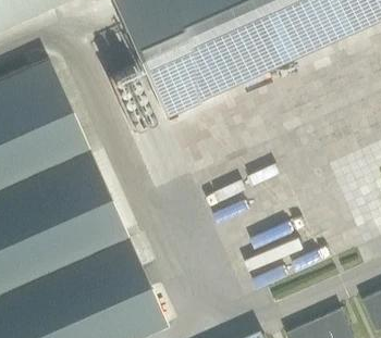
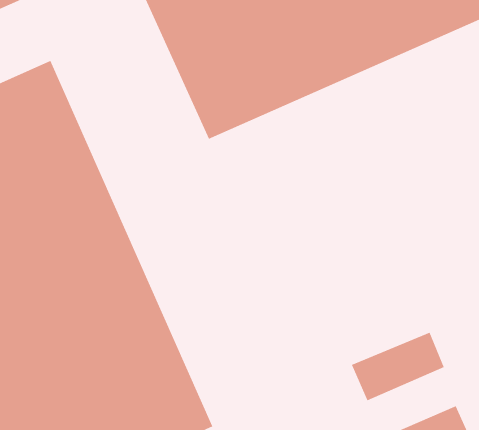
building: none -> [351,332,444,401]

